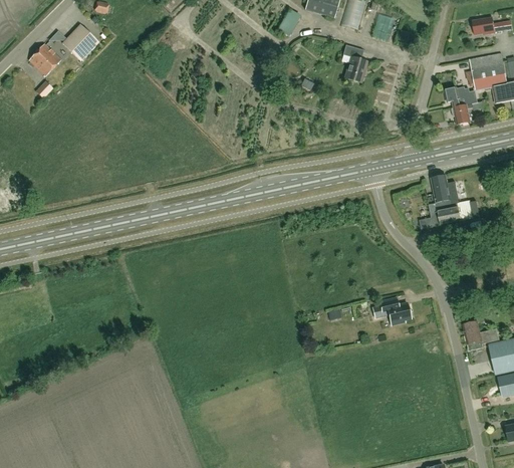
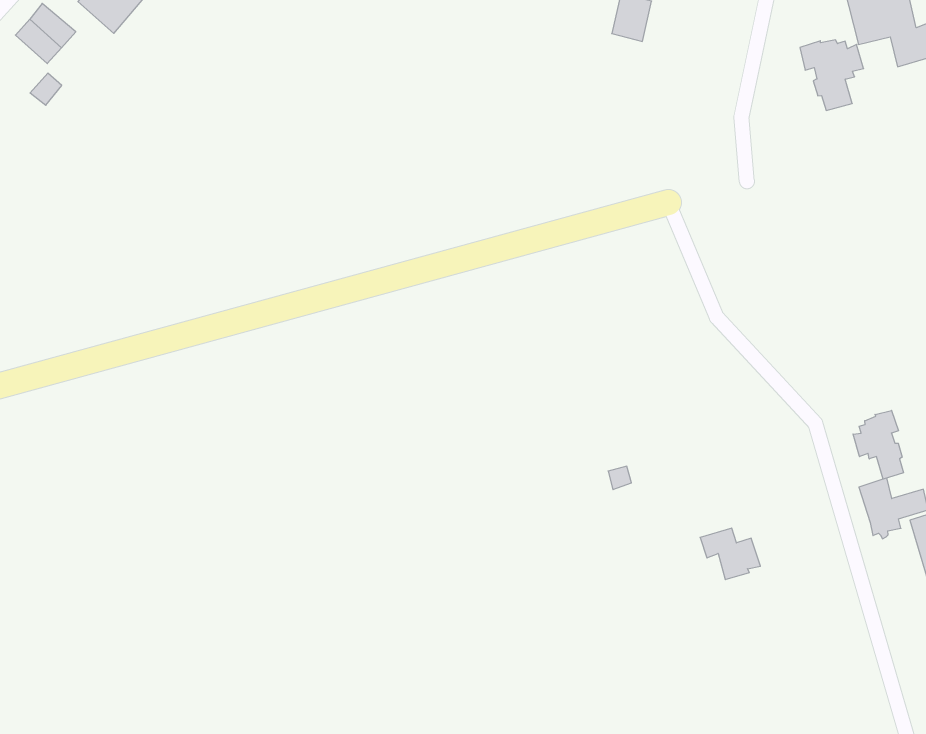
building: [431,175,473,224] -> none
building: none -> [853,410,903,479]
building: [379,296,411,323] -> [700,528,760,580]

